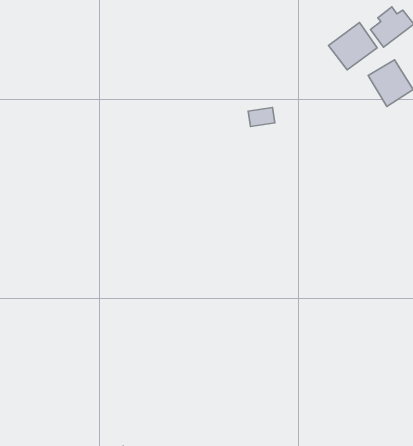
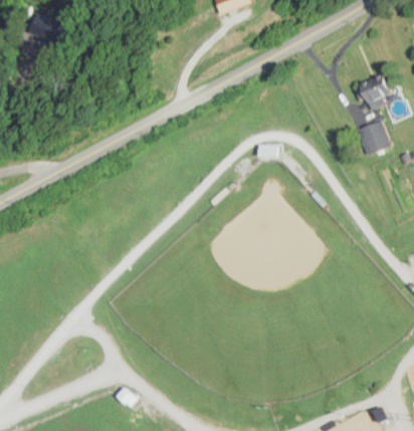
building: [329,23,377,70] -> none

